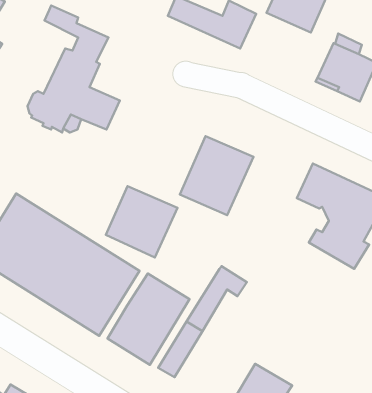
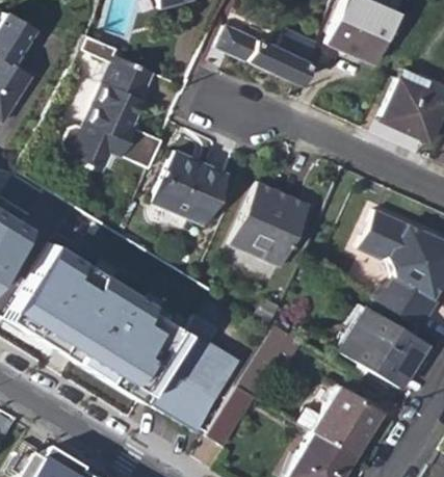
building: [106,186,177,258] -> [151,148,230,227]
building: none -> [342,307,427,387]
building: none -> [312,383,383,455]

